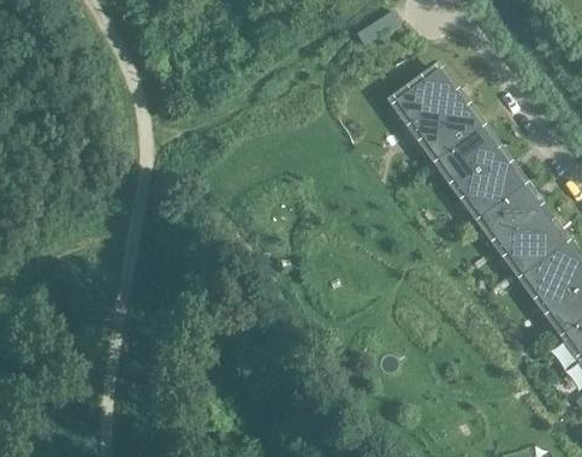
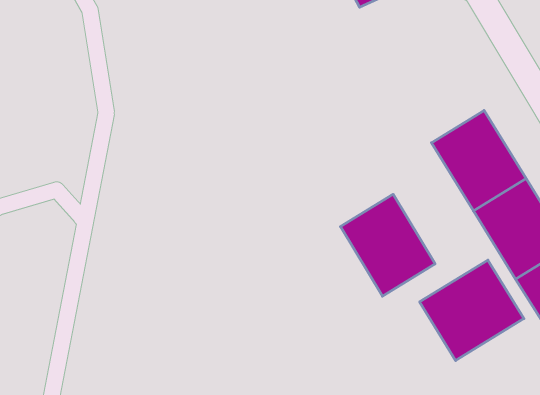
building: [394,69,481,160] -> [340,194,435,296]
building: none -> [420,260,524,361]

